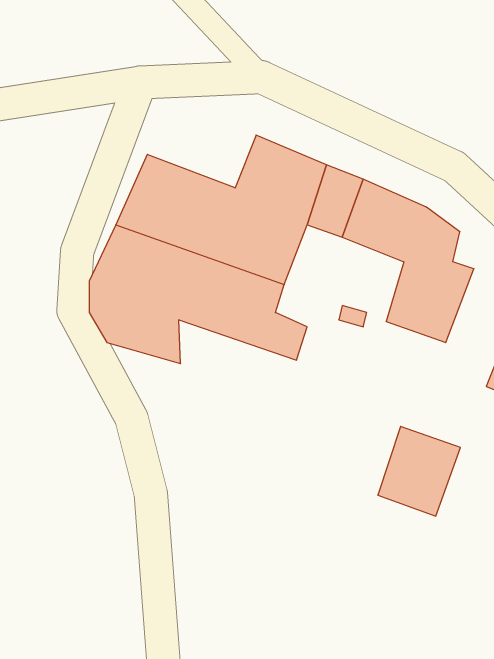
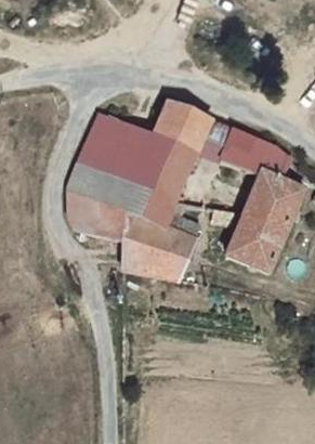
building: none -> [120,214,193,276]
building: [378,426,460,516] -> [234,216,285,271]

